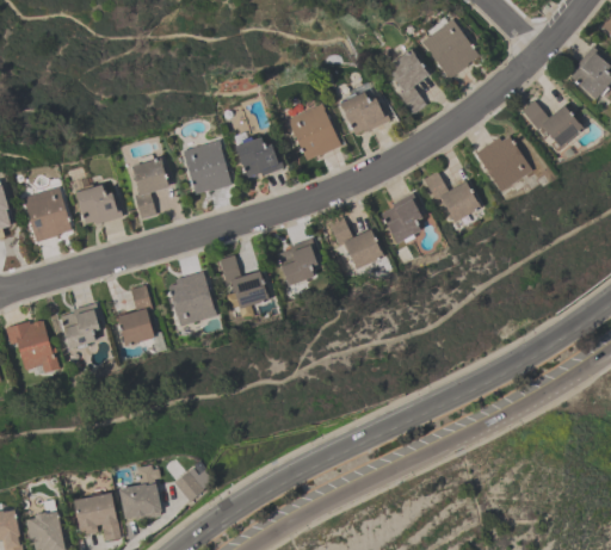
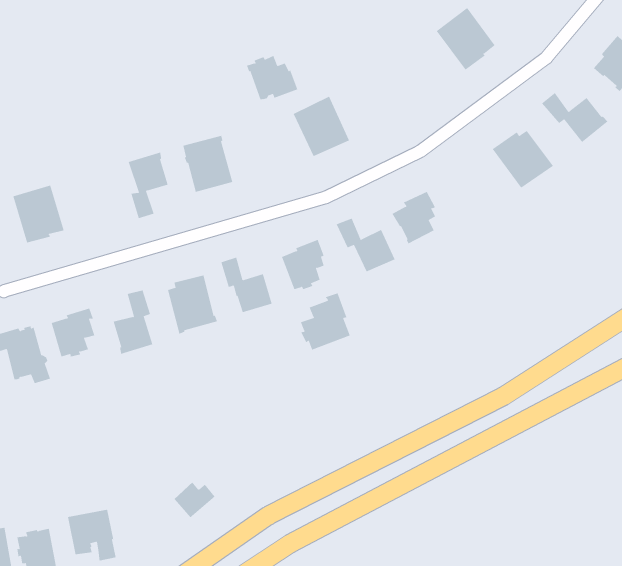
building: [385,50,427,116] -> none
building: [339,92,389,134] -> none
building: [234,136,283,178] -> [246,55,298,100]
building: [422,172,481,222] -> none
building: [75,184,123,225] -> none
building: none -> [300,292,350,351]
building: [119,464,162,520] -> none

